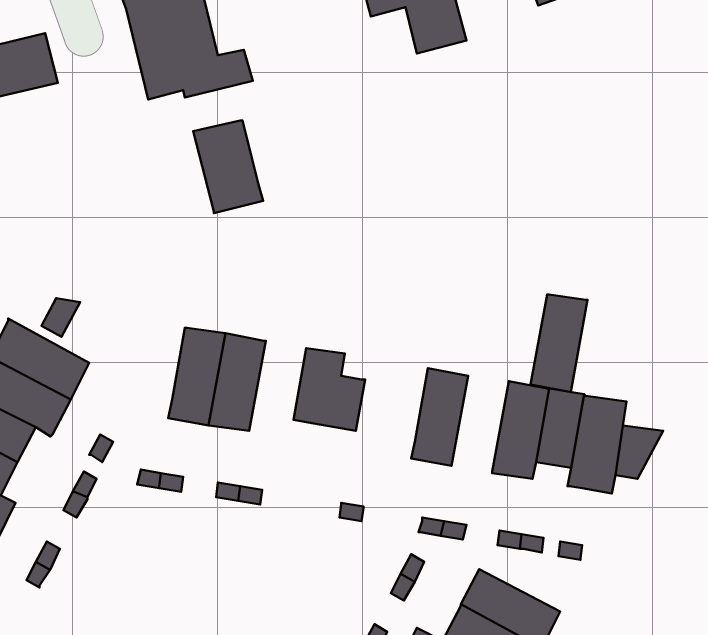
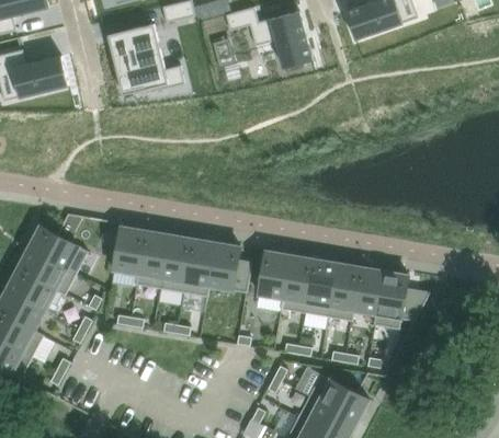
building: [193,120,263,213] -> none
building: [531,294,588,392] -> [303,260,337,318]
building: none -> [113,227,144,274]
building: none -> [182,239,216,297]
building: none -> [258,251,288,299]

